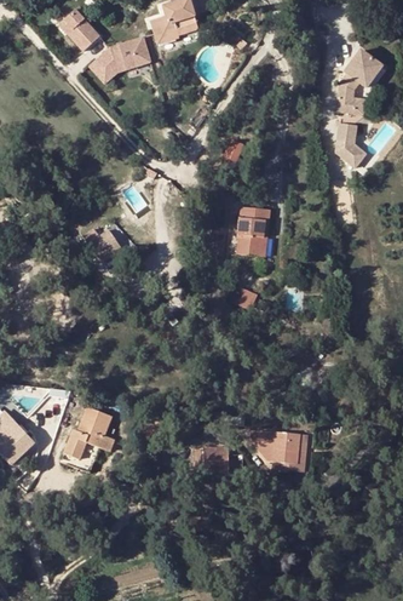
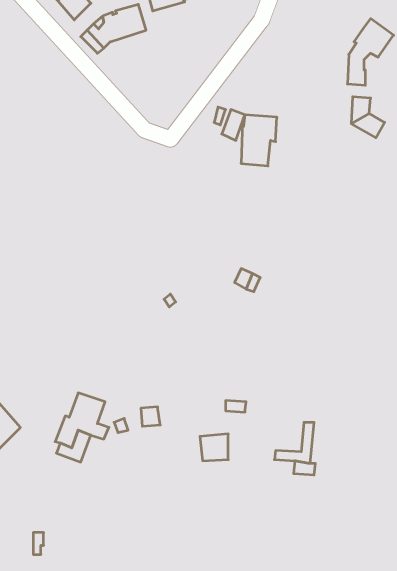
building: [236,206,270,254] -> [241,115,277,166]
building: [85,229,120,259] -> none
building: [251,428,299,460] -> none

